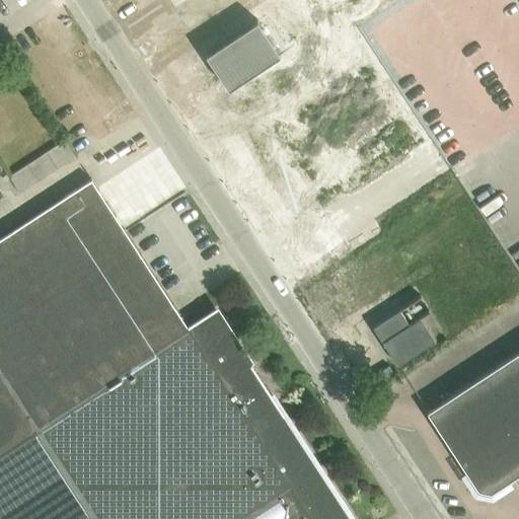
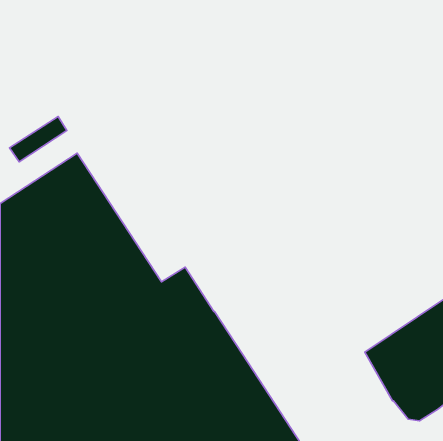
building: [206,23,280,92] -> none
building: [373,300,435,368] -> none

